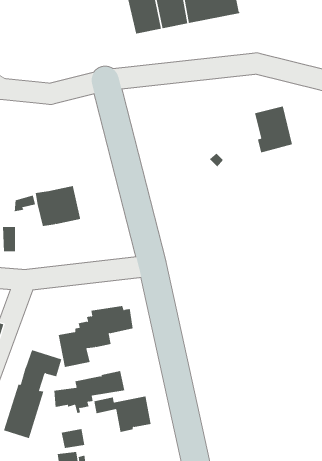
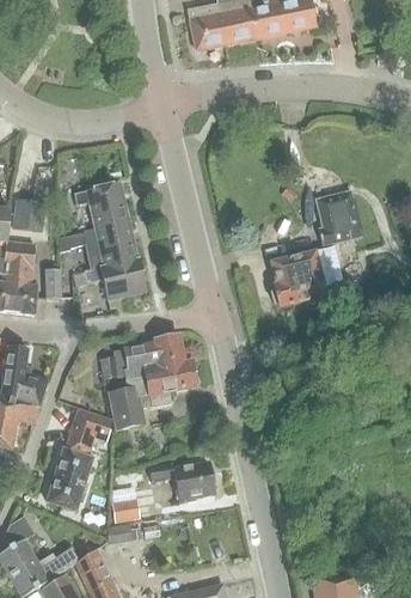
building: [254,106,293,153] -> [317,190,361,244]
building: none -> [74,182,127,227]
building: none -> [271,251,337,305]
building: none -> [73,257,147,299]
building: [54,371,125,414] -> [102,335,183,384]

